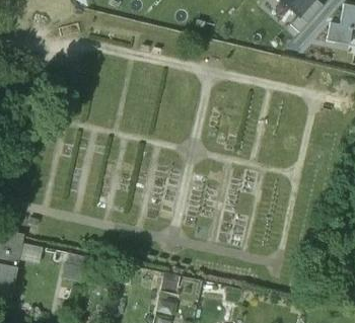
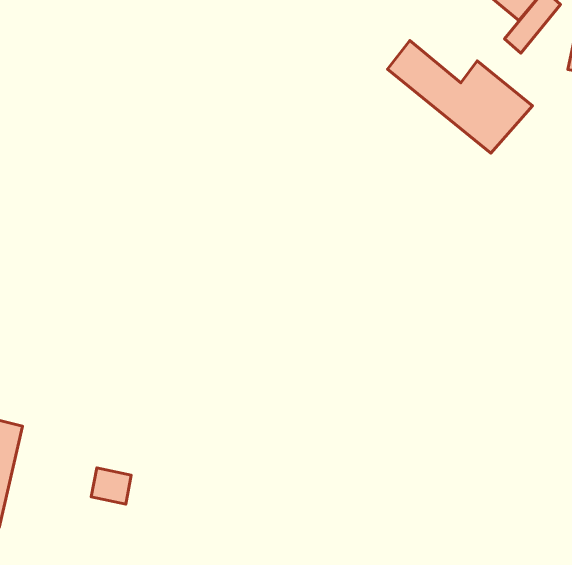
building: none -> [388,40,533,153]

